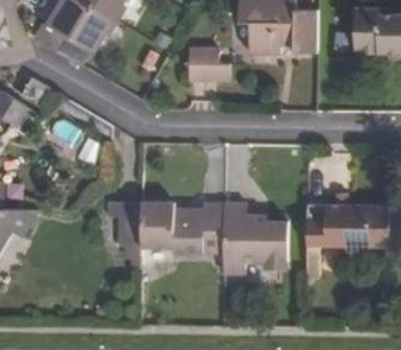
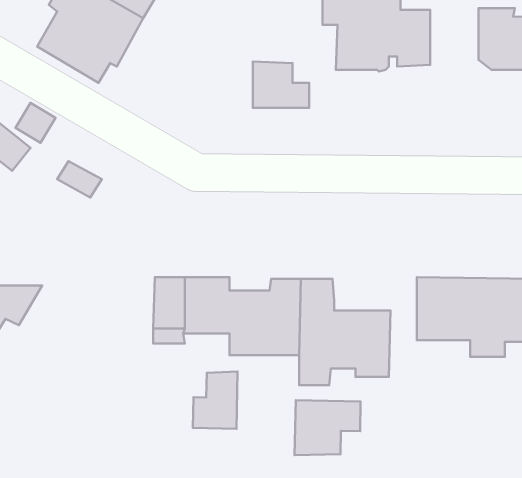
building: none -> [193,371,238,429]
building: none -> [295,400,361,455]

